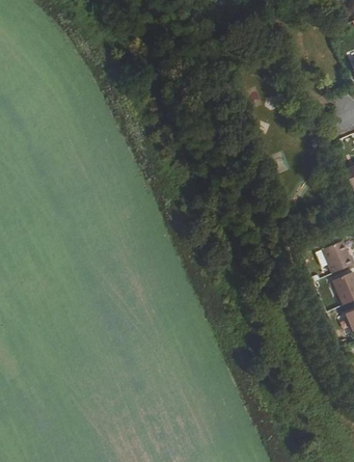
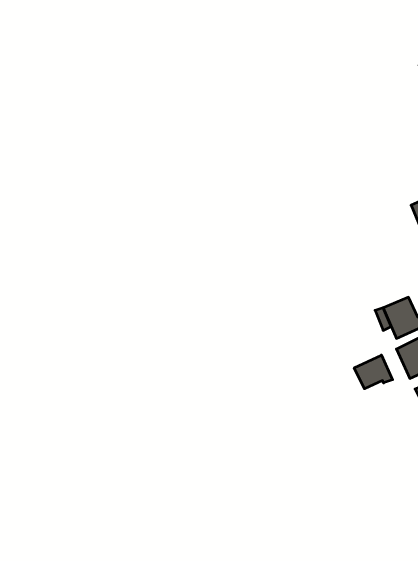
building: none -> [354,355,393,389]

